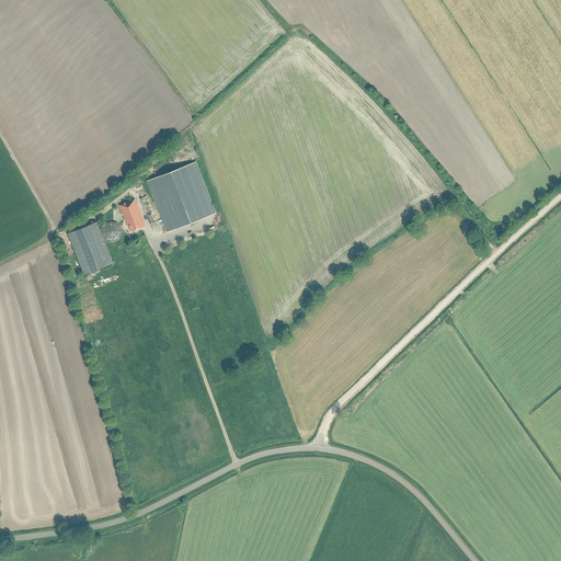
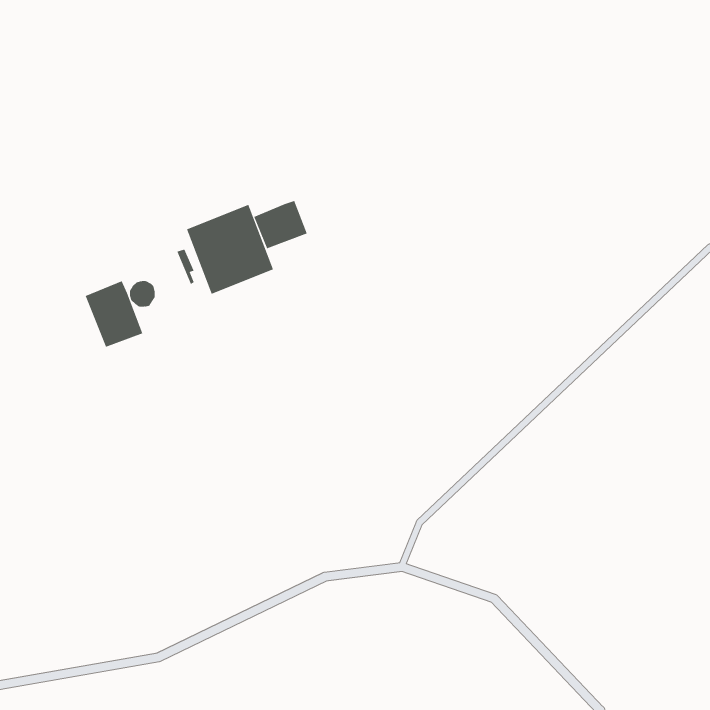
building: none -> [253,200,307,249]
building: [118,198,145,231] -> none

